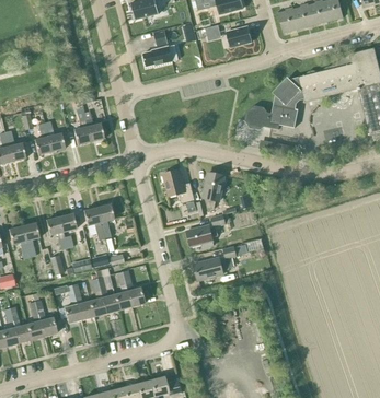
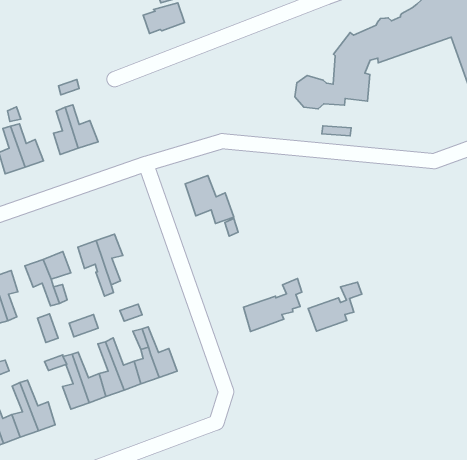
building: [197,173,224,215] -> none
building: [186,214,224,246] -> [308,282,362,331]

